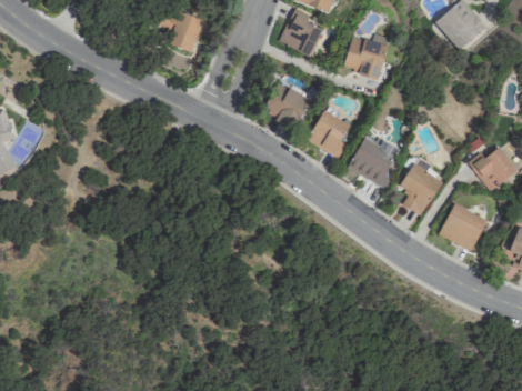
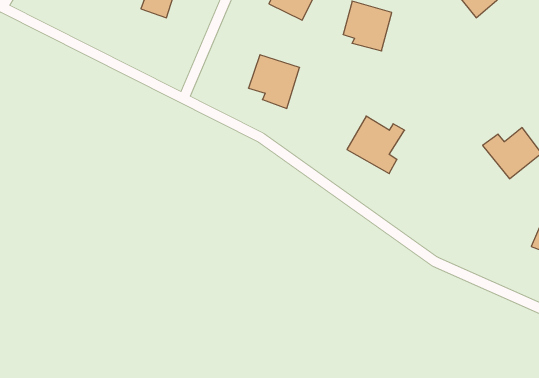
building: [307,109,350,154] -> none
building: [401,162,443,214] -> none
building: [438,202,488,250] -> none

